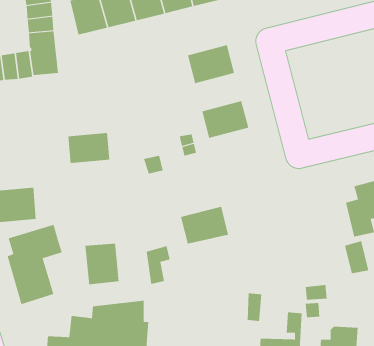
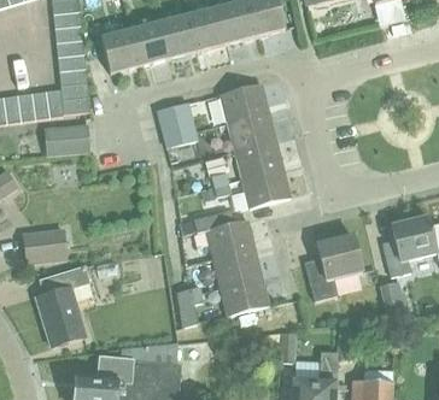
building: none -> [157,101,197,147]
building: none -> [227,111,275,149]
building: none -> [241,166,291,207]
building: [67,133,110,163] -> [45,123,88,154]
building: none -> [193,210,254,257]
building: none -> [304,234,362,300]
building: none -> [220,275,269,314]
building: [85,243,119,285] -> none

